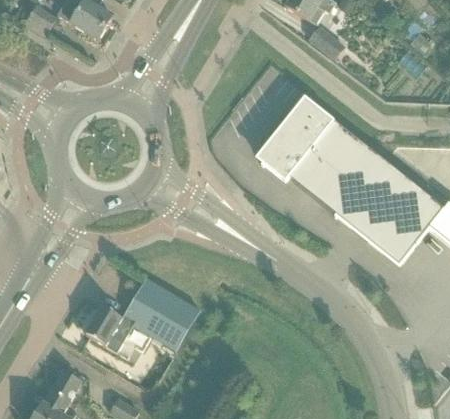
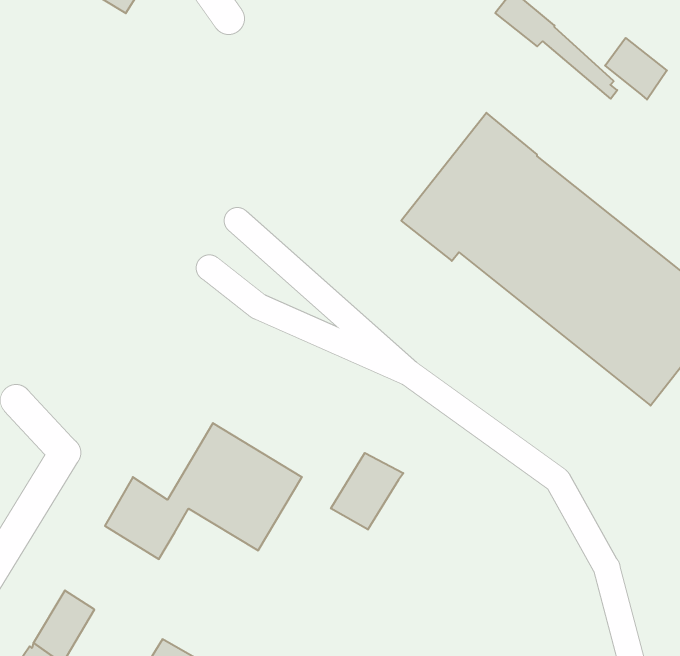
building: none -> [605,38,667,100]
building: none -> [331,453,403,530]

